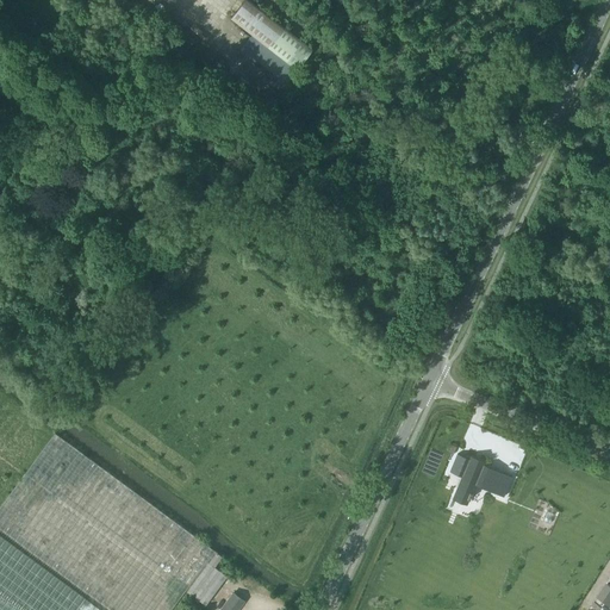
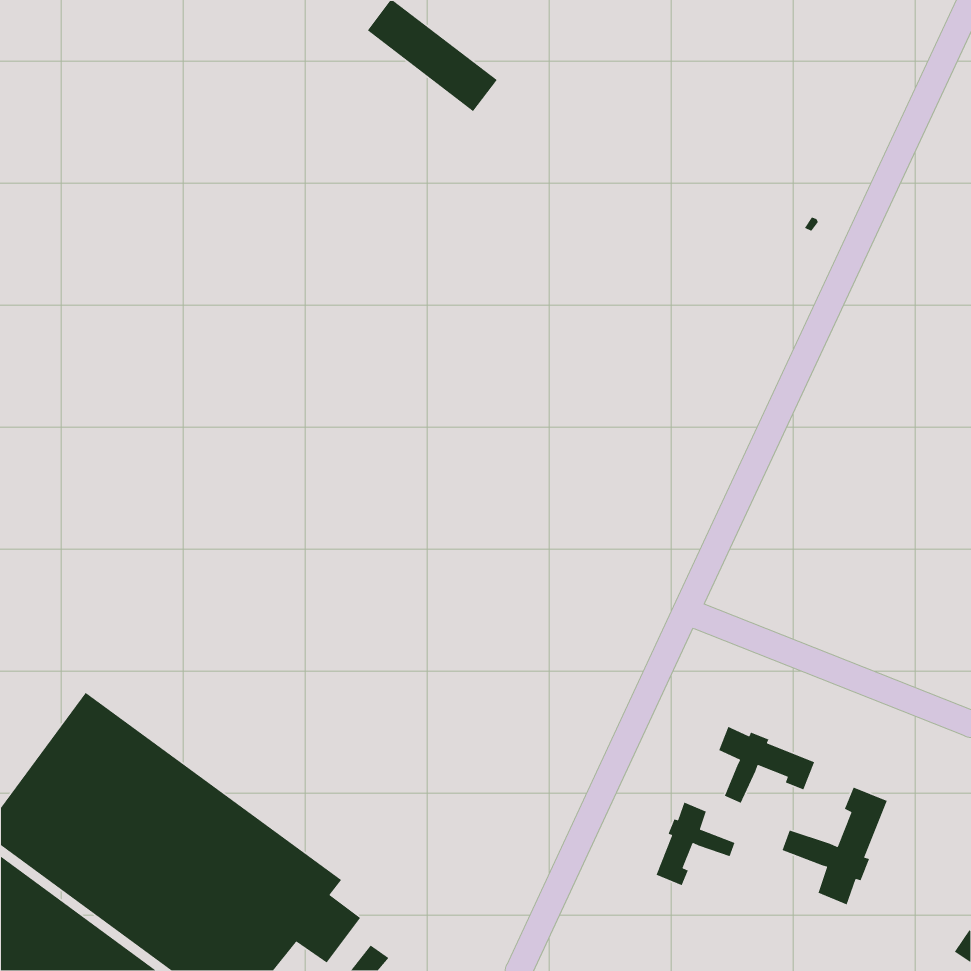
building: none -> [782,787,888,906]
building: none -> [655,801,735,886]

